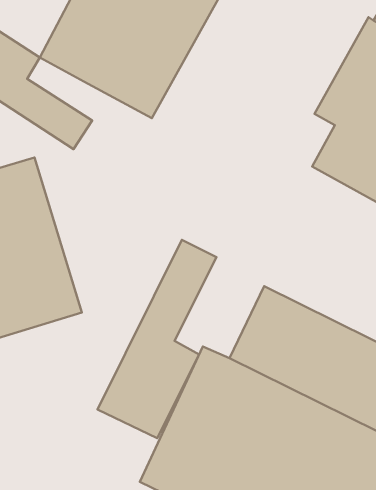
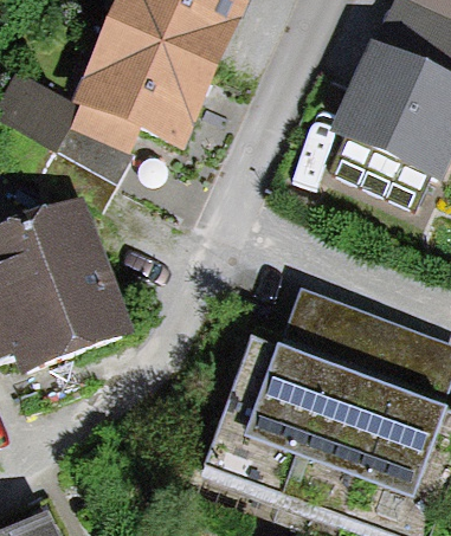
building: [98,240,216,438] -> none

